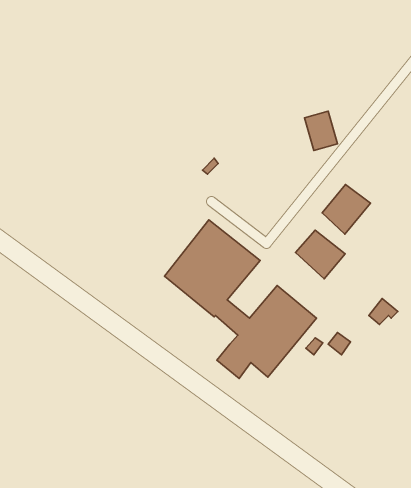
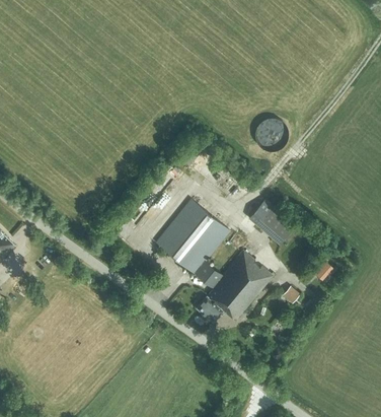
building: [322,184,371,234] -> none

